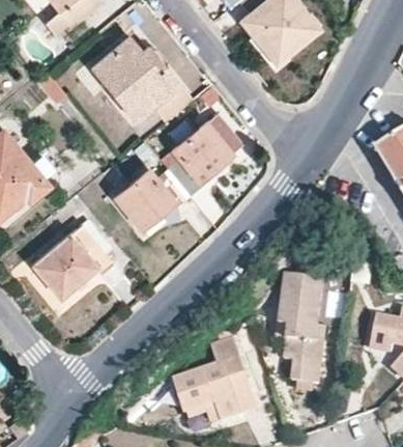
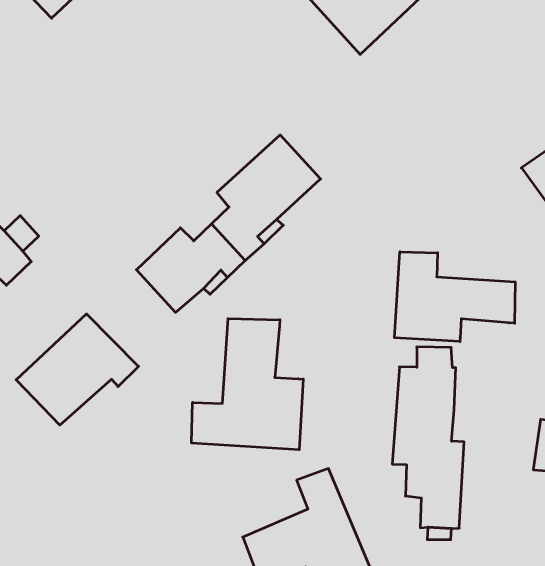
building: [91,36,192,121] -> none
building: none -> [395,252,515,342]
building: none -> [192,319,303,450]

